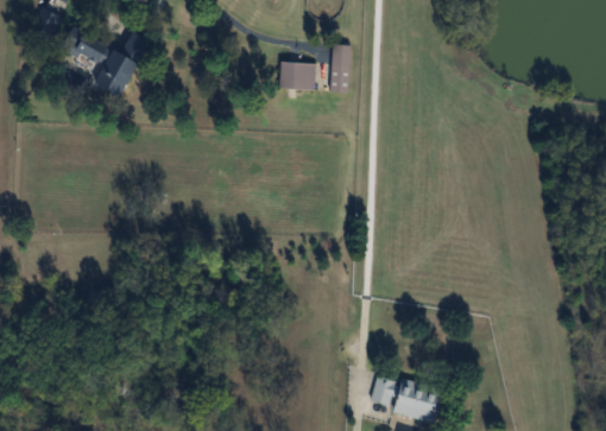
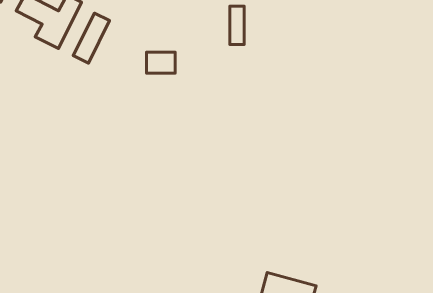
building: none -> [73,13,110,63]
building: [280,63,316,89] -> [146,52,175,73]

